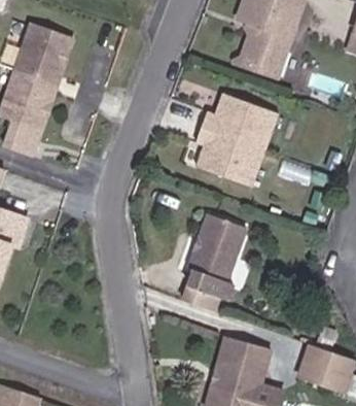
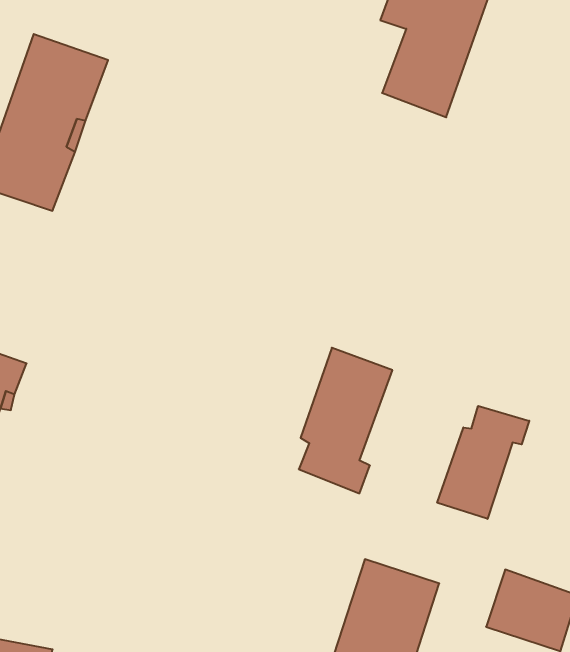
building: [193,95,276,182] -> none
building: none -> [437,406,529,519]

